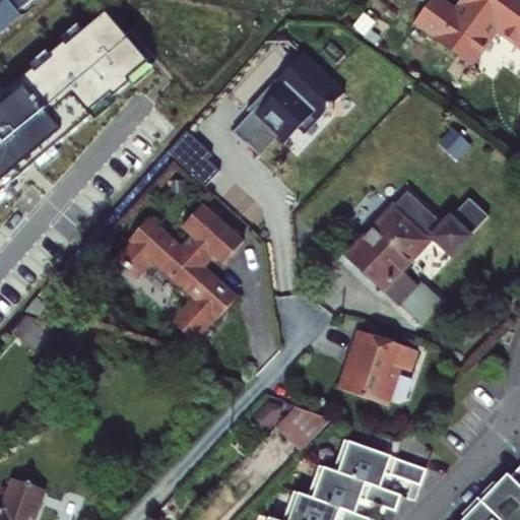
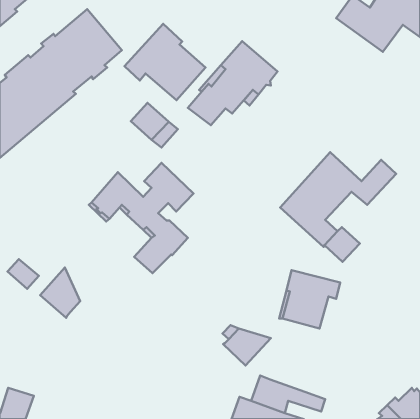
building: none -> [124,24,206,100]
building: none -> [40,268,80,318]
building: [333,438,427,483] -> none

